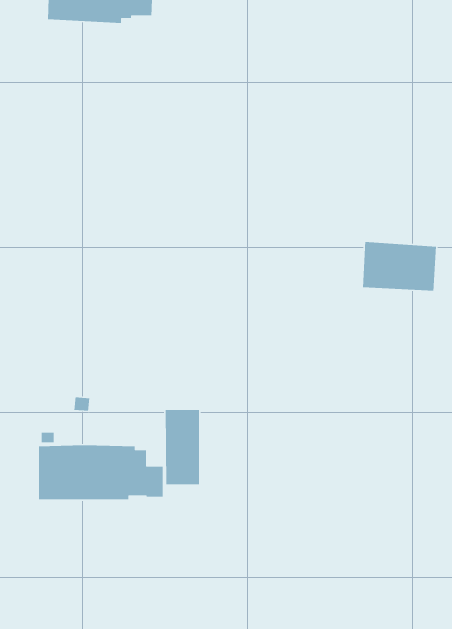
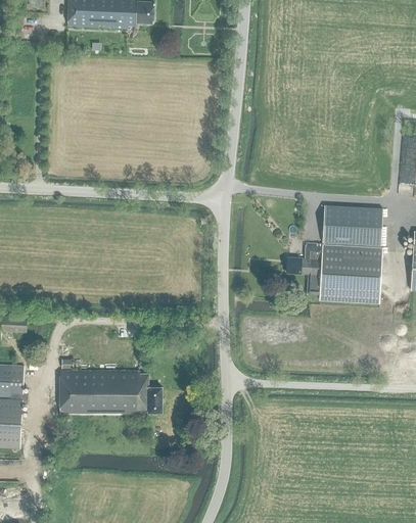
building: none -> [285,243,382,303]
building: [165,409,200,485] -> none

